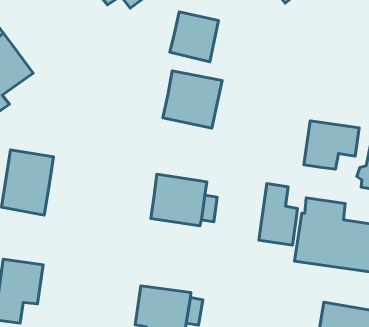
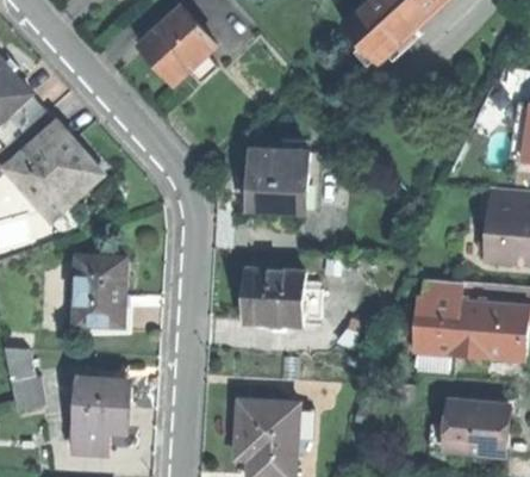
building: [170,12,219,62] -> none
building: [304,121,359,169] -> none
building: [259,184,298,245] -> none

